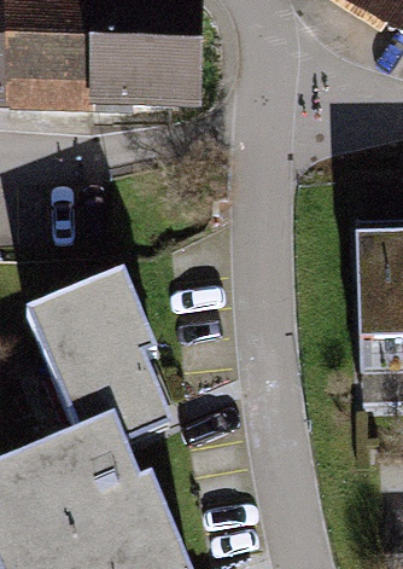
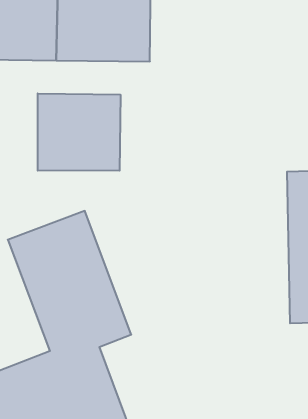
building: none -> [38,93,120,171]

